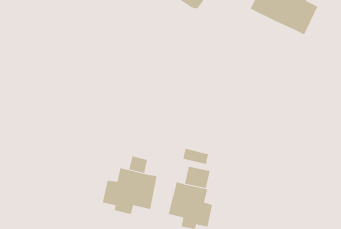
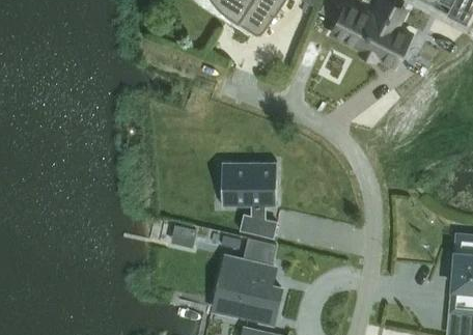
building: none -> [221,163,274,204]
building: [102,167,157,215] -> none

